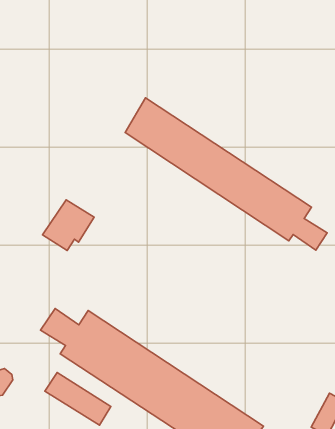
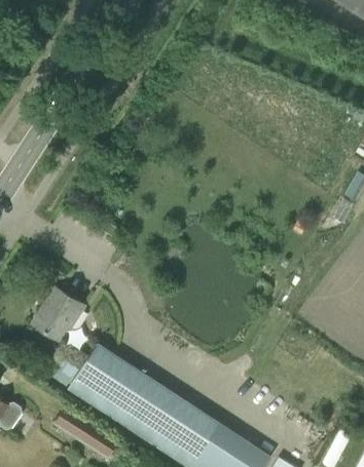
building: [125,98,327,250] -> none
building: [42,200,94,250] -> [31,287,82,338]

